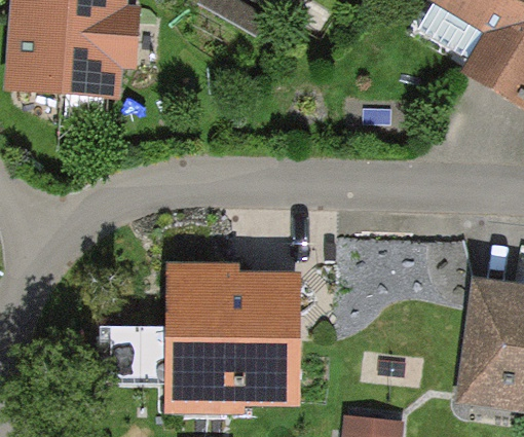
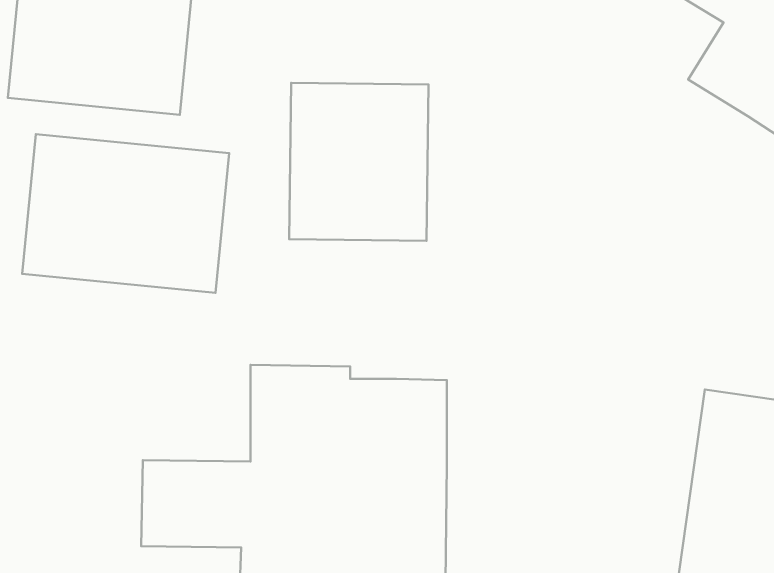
building: none -> [289,83,428,241]
building: none -> [22,134,229,293]

